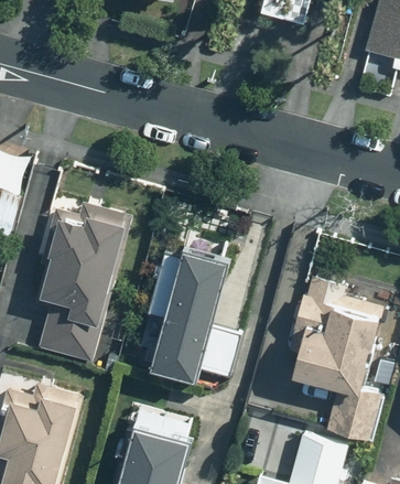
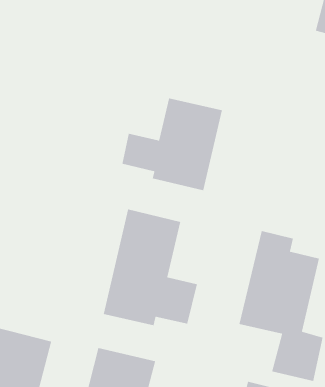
building: none -> [121,97,223,191]
building: [40,204,129,356] -> none

